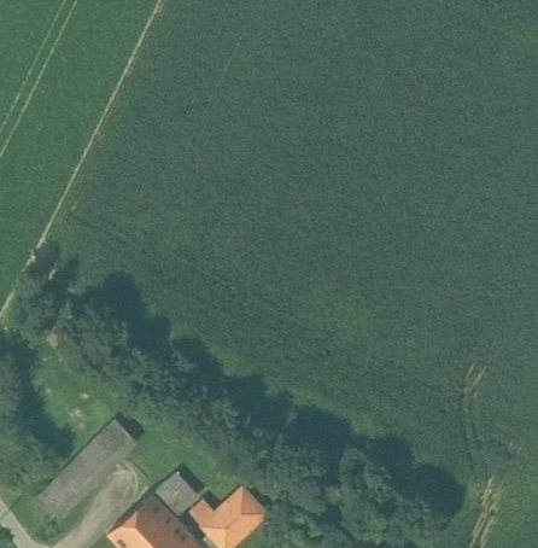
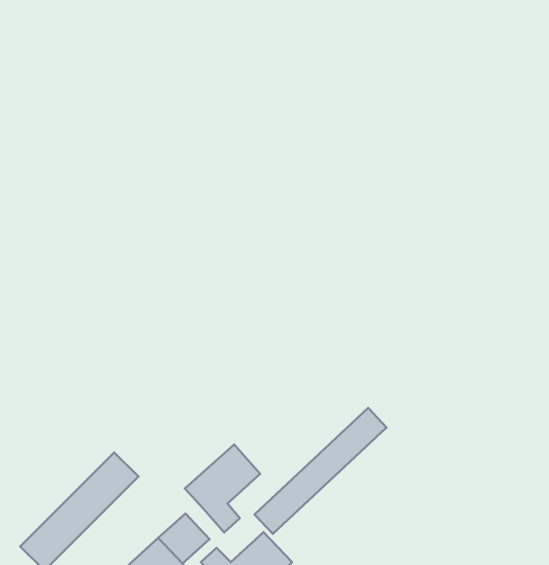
building: none -> [255,408,386,534]
building: none -> [185,444,260,532]

